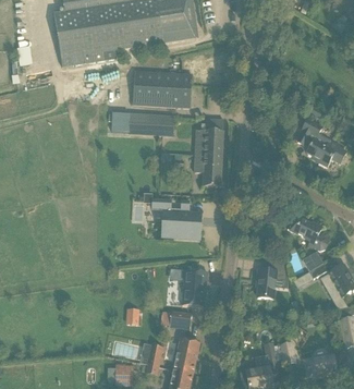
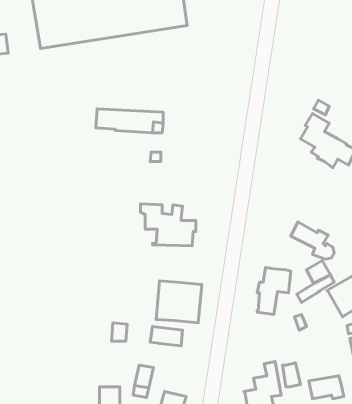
building: [133,70,191,107] -> none
building: [194,118,223,185] -> none
building: [173,338,199,373] -> none

